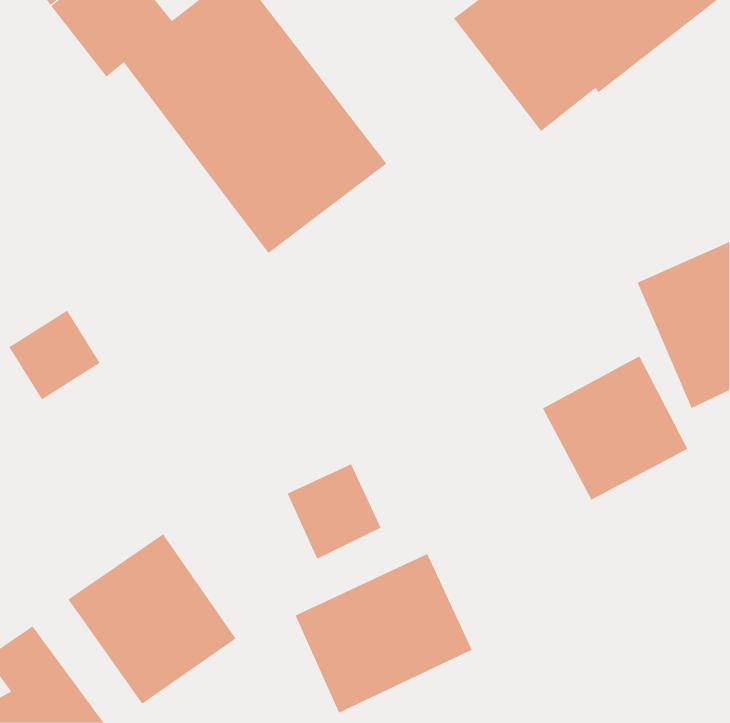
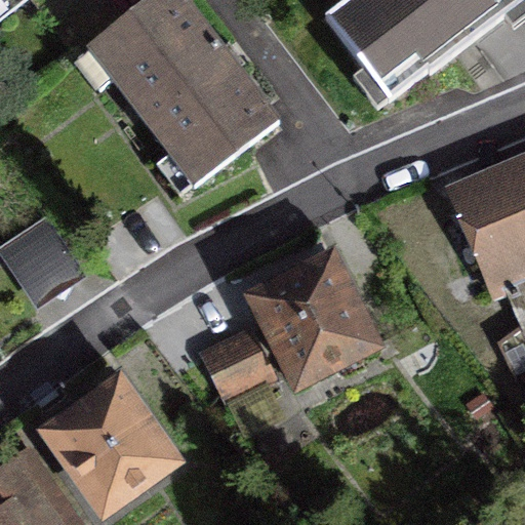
building: [542,355,688,501] -> none
building: none -> [255,258,370,376]
building: [295,553,473,713] -> none

